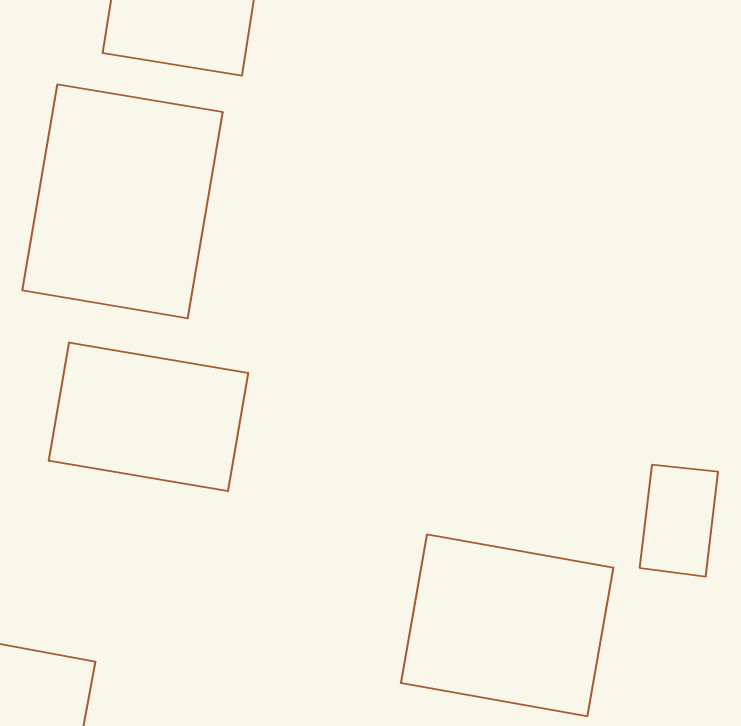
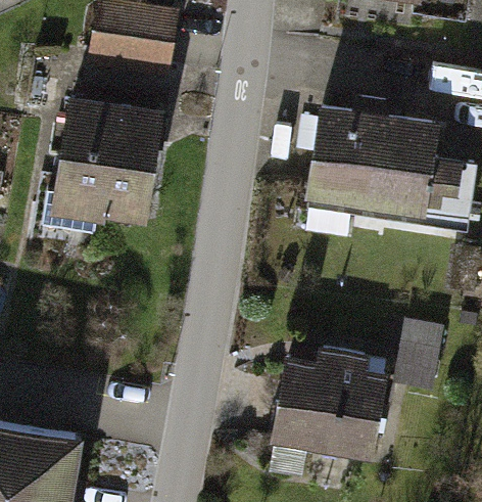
building: none -> [301,108,444,228]
building: [49,342,248,491] -> none

